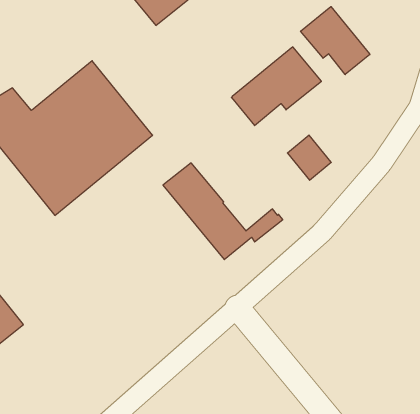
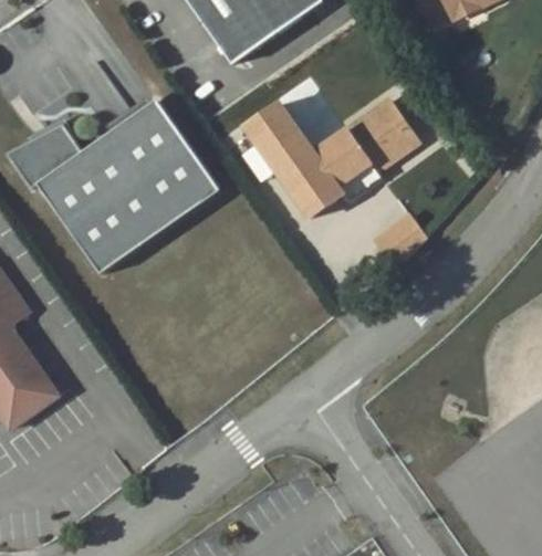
building: [301,7,370,75] -> none
building: [163,163,283,260] -> [246,104,381,218]

